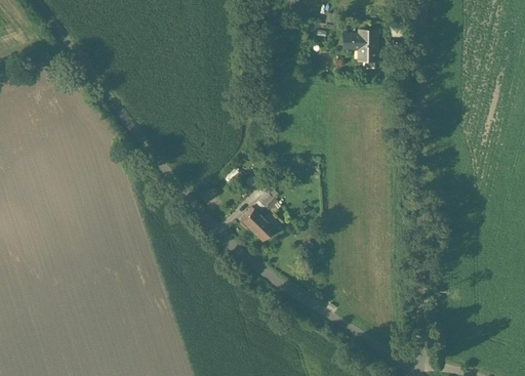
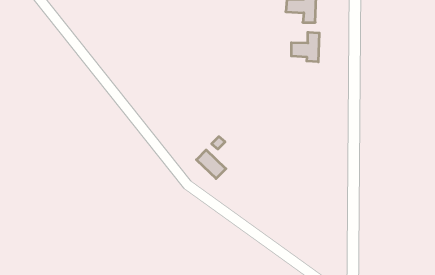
building: none -> [291,32,319,62]

